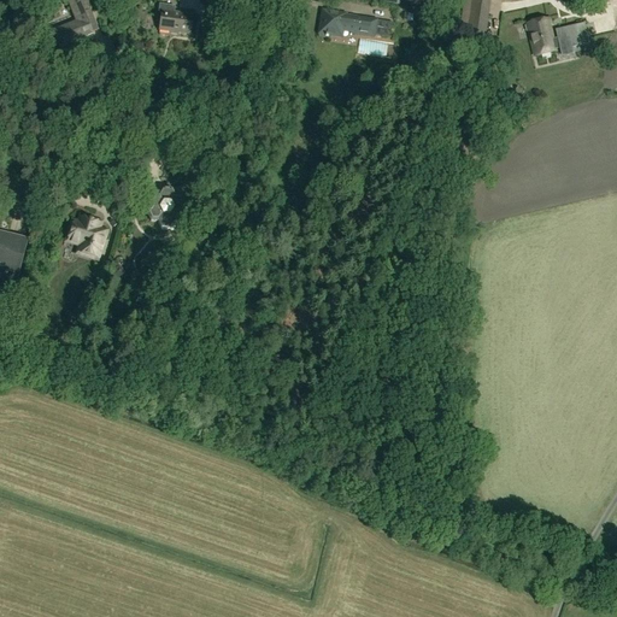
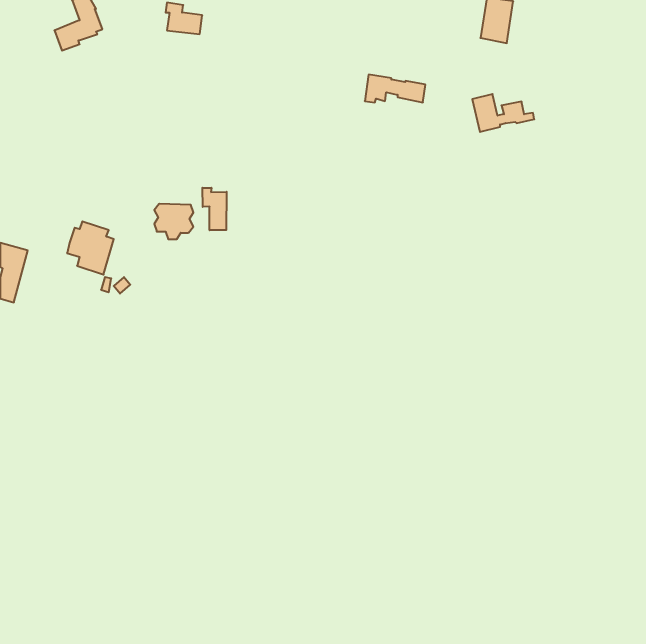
building: [319,10,377,36] -> [365,75,425,102]
building: [529,18,588,54] -> [472,94,534,132]
building: none -> [202,188,227,230]

